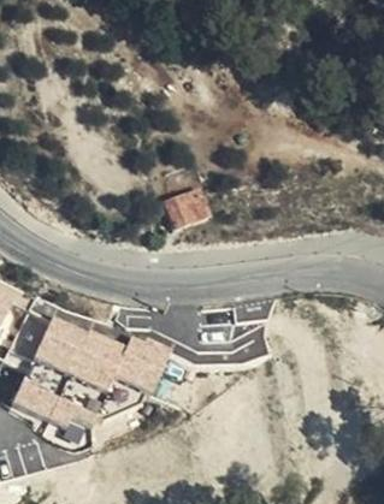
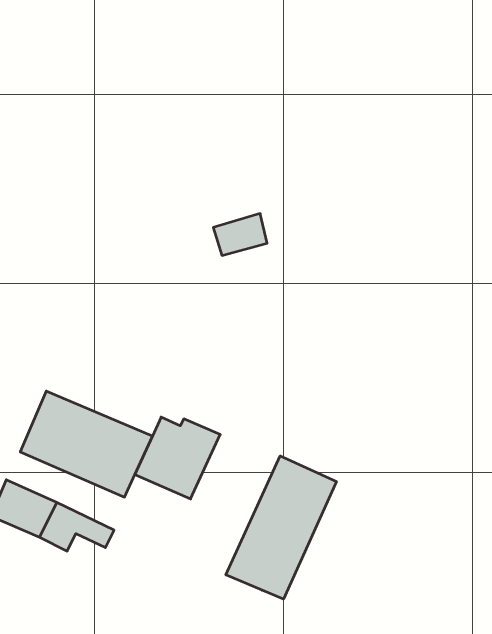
building: none -> [226,456,336,599]

